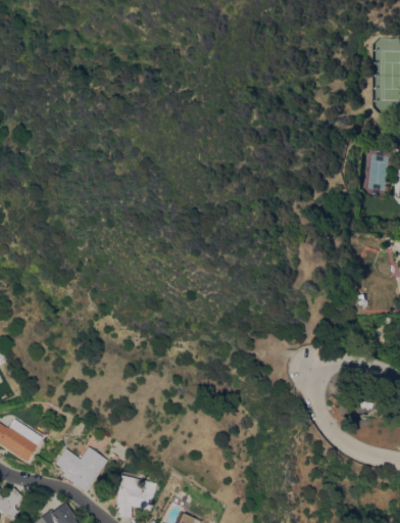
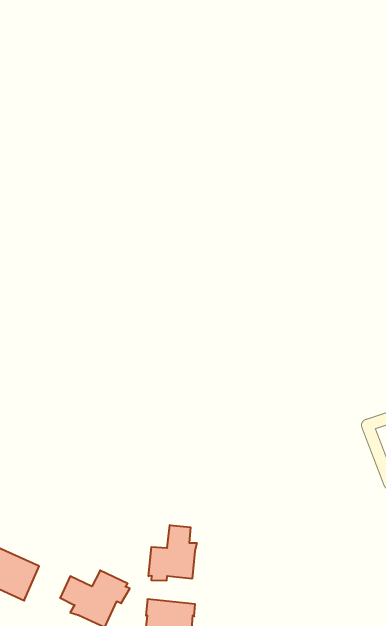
building: none -> [149,525,197,581]

